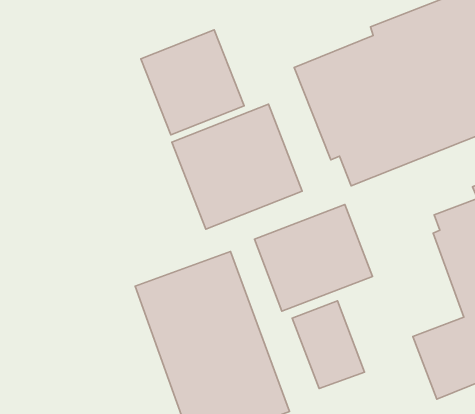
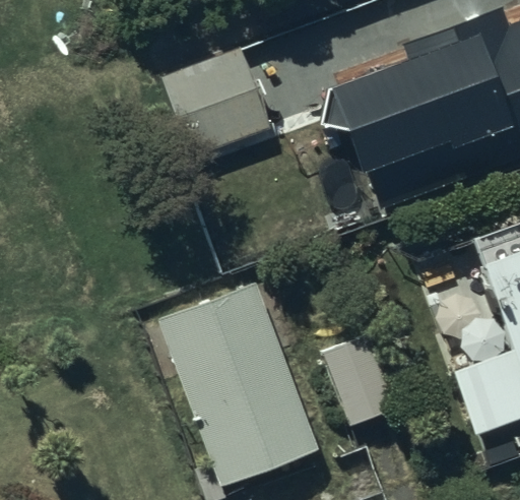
building: [172,104,302,229] -> none
building: [254,204,372,311] -> none

